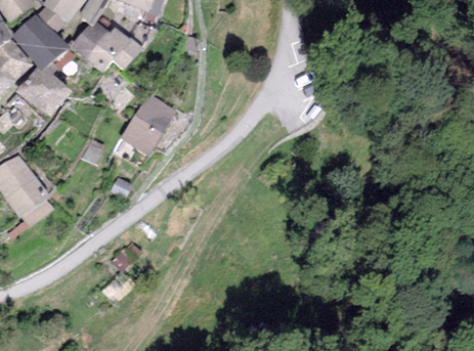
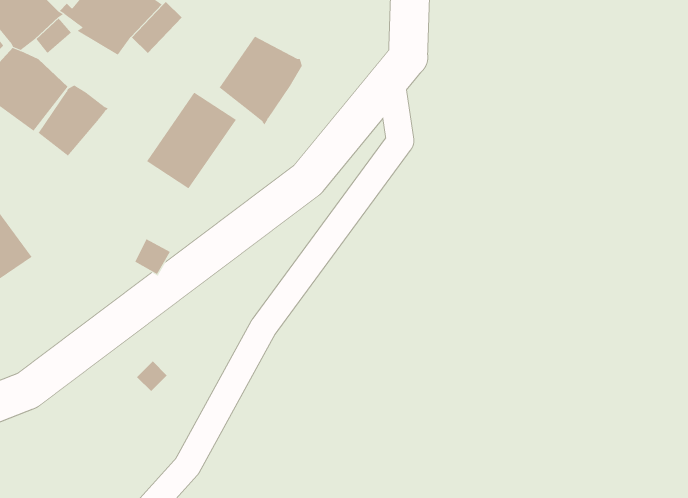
building: none -> [219,36,303,126]
building: none -> [38,84,109,157]

